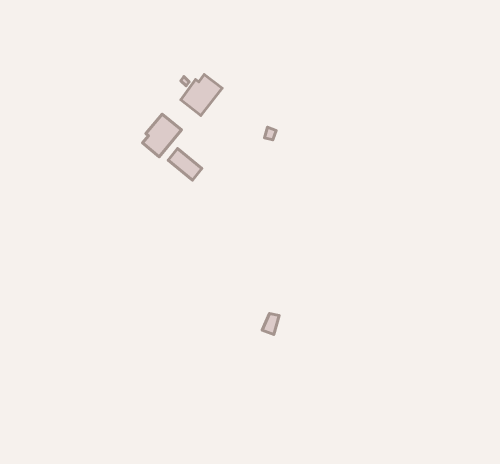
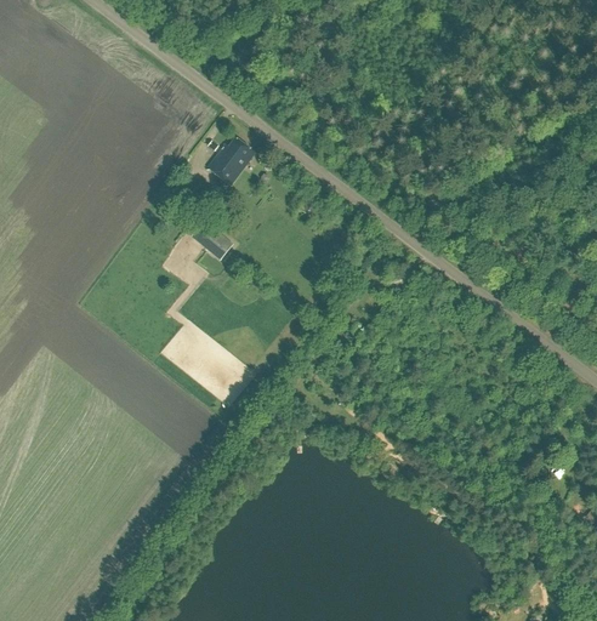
building: [142,114,181,157] -> none

